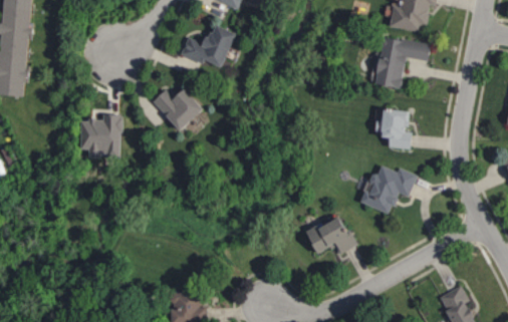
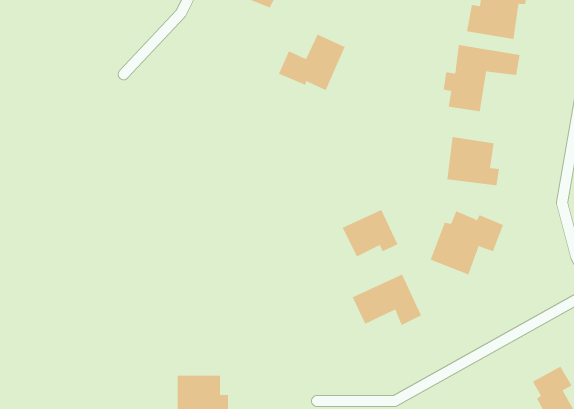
building: [181,24,233,68] -> [278,34,346,91]
building: [152,87,199,128] -> none
building: [79,115,126,157] -> none
building: none -> [342,209,398,257]

